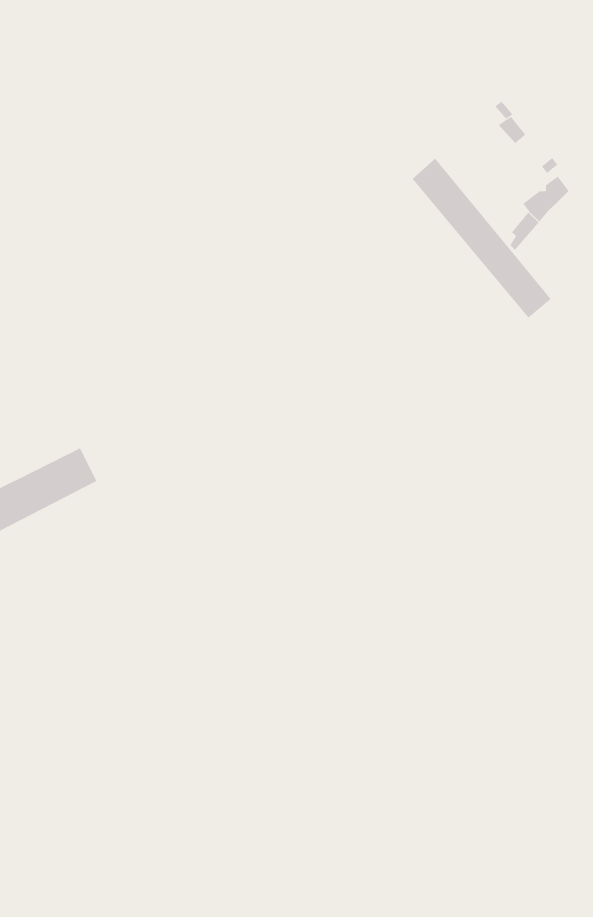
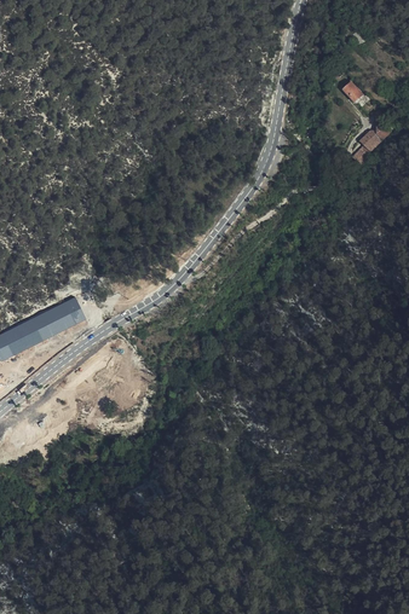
building: [412,158,552,319] -> none

